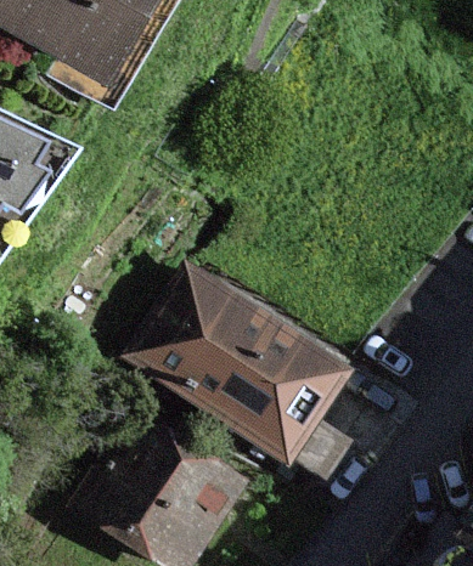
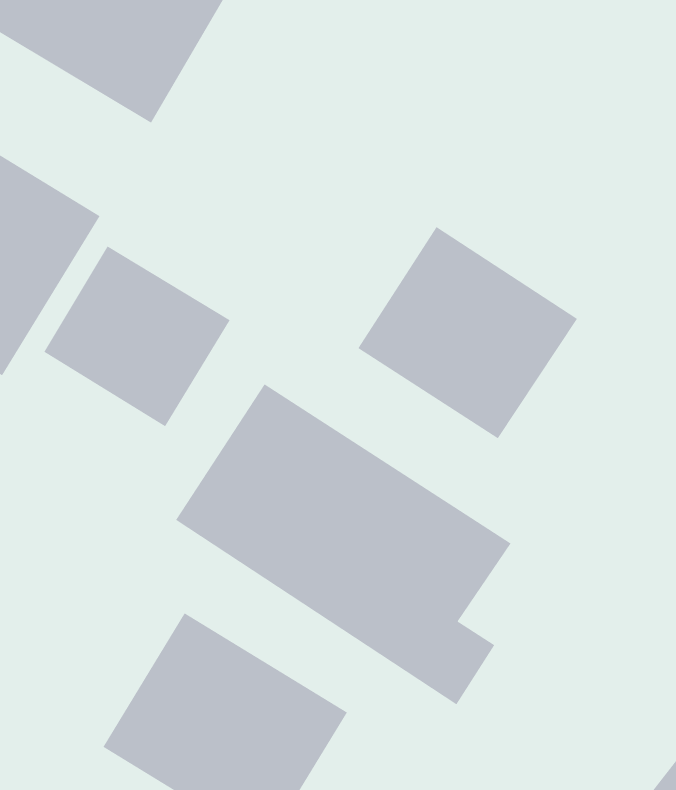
building: none -> [357,226,578,439]
building: none -> [43,246,231,427]

